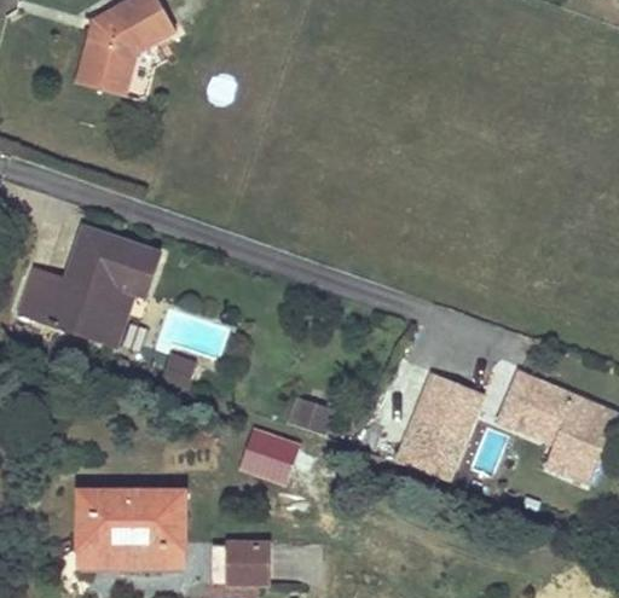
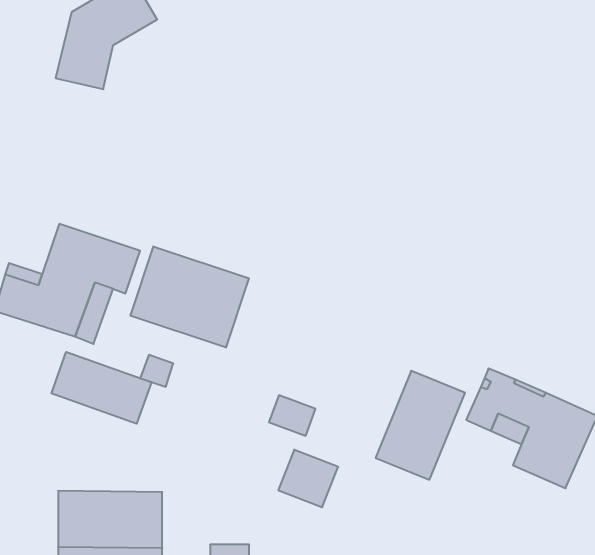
building: none -> [130,246,249,348]
building: none -> [51,352,151,424]
building: [239,428,299,484] -> [278,450,338,507]

